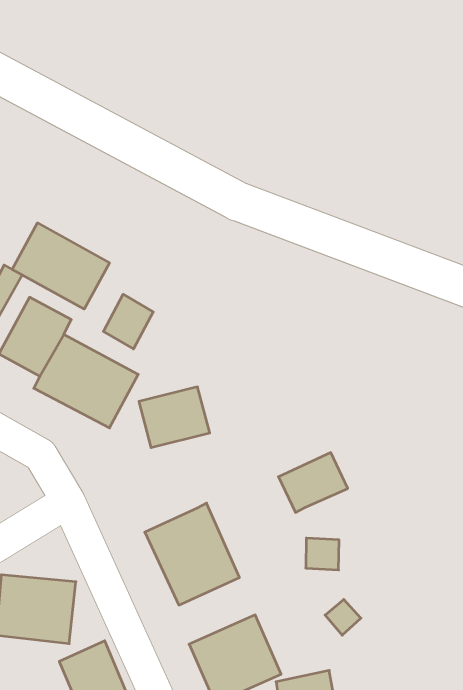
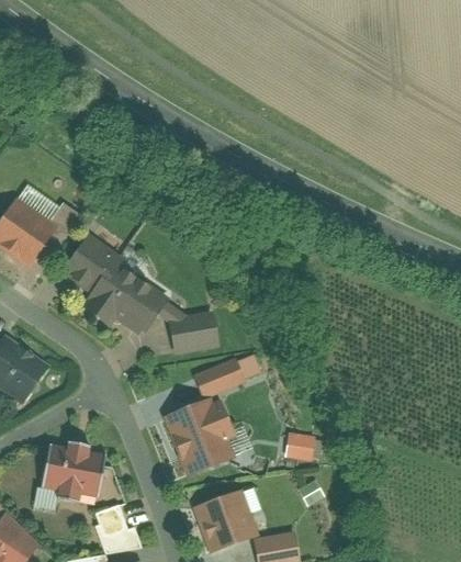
building: [12,223,109,309] -> none
building: [103,294,153,349] -> none
building: [278,453,348,512] -> [193,359,246,403]

